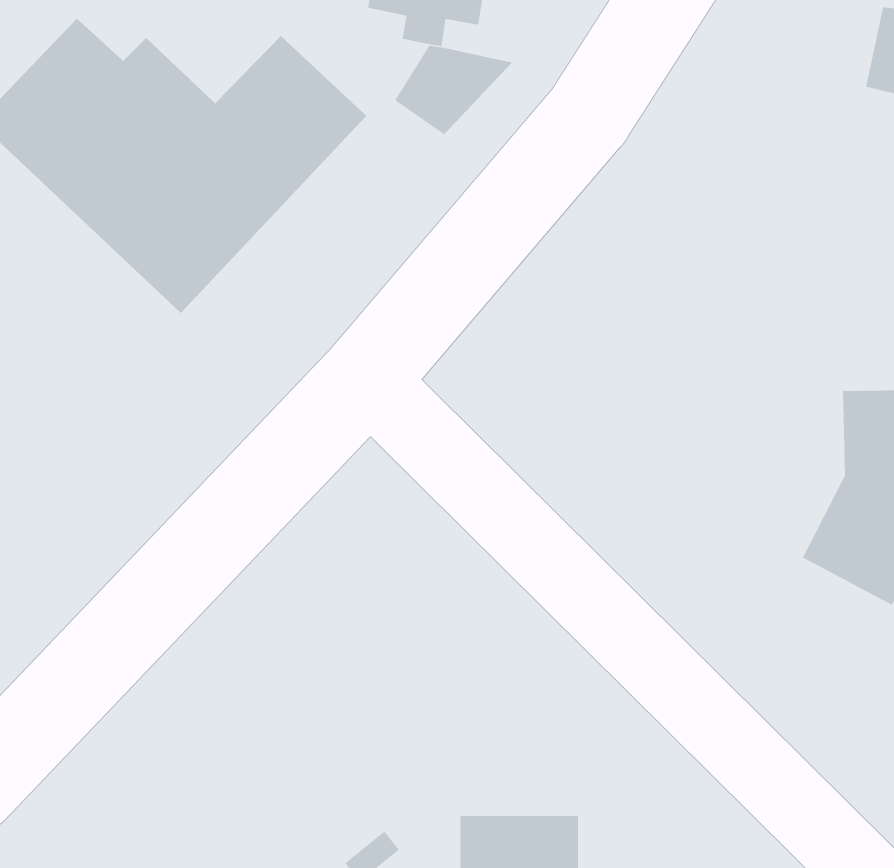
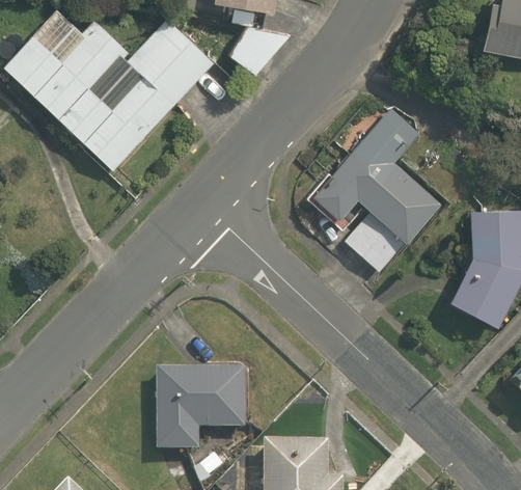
building: none -> [311,111,441,272]
building: none -> [157,369,245,452]

